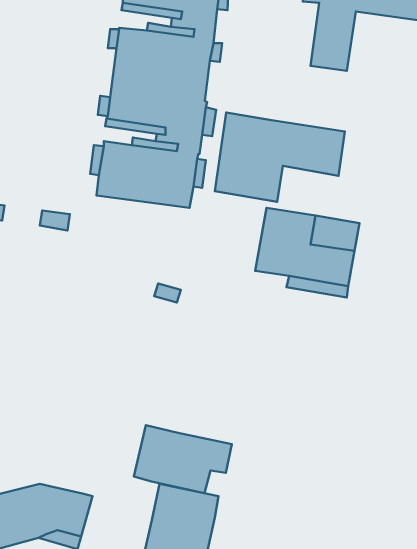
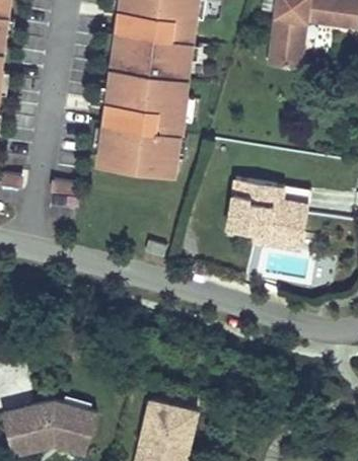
building: [215,112,345,202] -> none
building: [134,425,232,493] -> none

